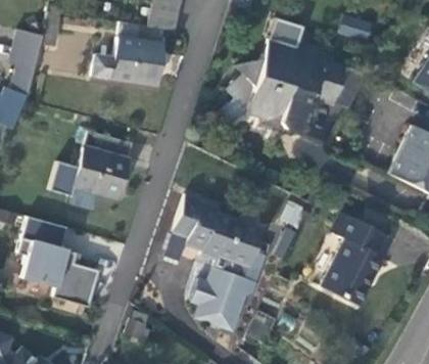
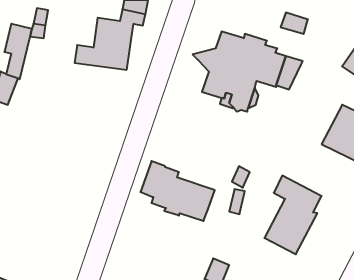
building: [220,73,253,123] -> none
building: [49,130,133,198] -> none
building: [17,216,99,307] -> none
building: [191,252,266,328] -> none

